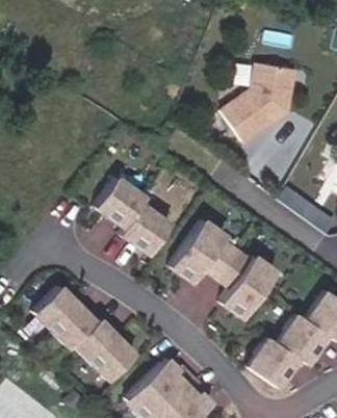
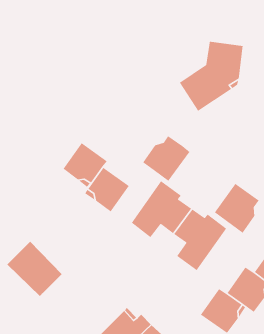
building: none -> [142,135,191,182]
building: none -> [214,183,260,234]
building: [74,317,135,378] -> none

